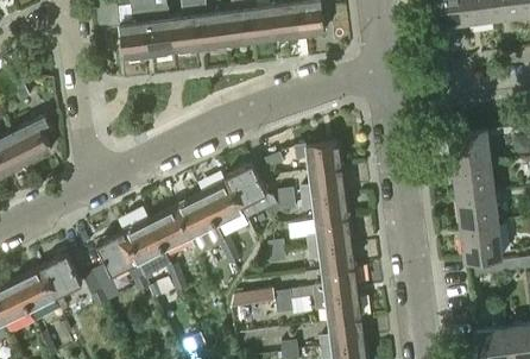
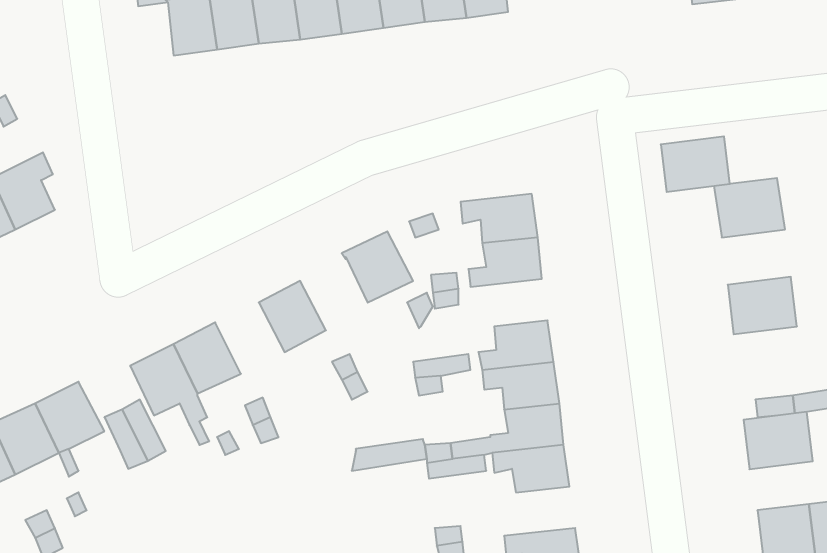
building: [453,163,494,196] -> [661,136,730,192]
building: [200,180,242,223] -> none
building: [302,193,348,221] -> none
building: [149,207,190,250] -> none
building: [460,221,501,256] -> [744,412,813,469]
building: [320,317,365,347] -> none

